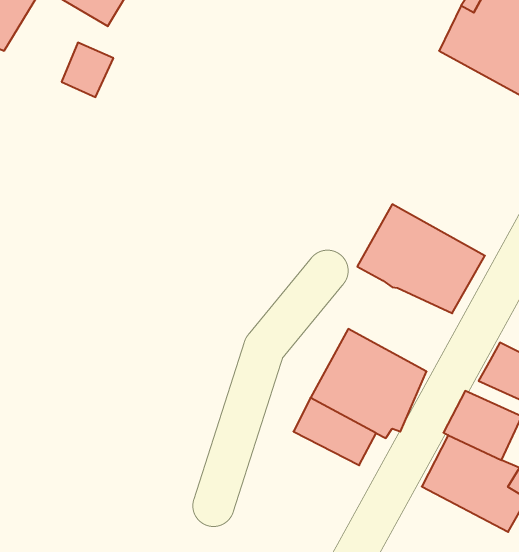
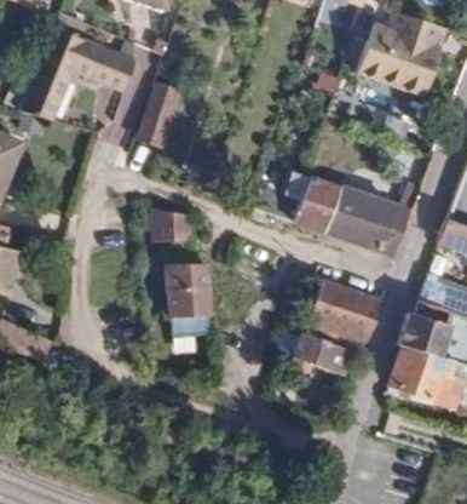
building: none -> [138,80,183,148]
building: none -> [255,171,341,234]
building: none -> [155,207,191,242]
building: none -> [167,263,213,336]

